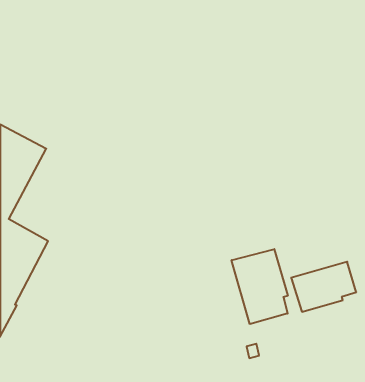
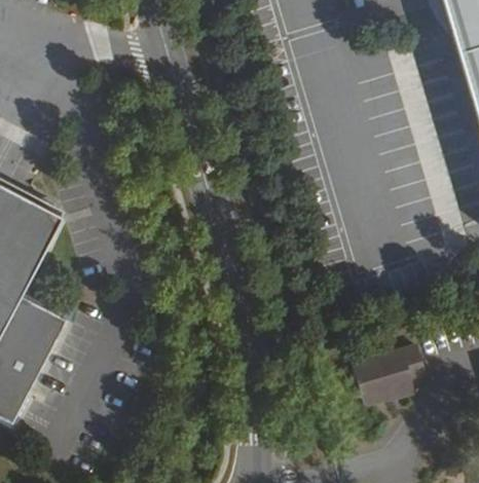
building: [232,249,288,324] -> none

